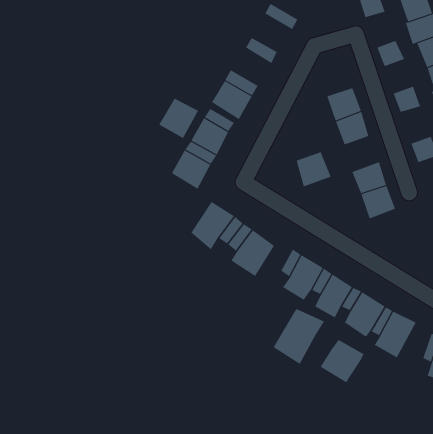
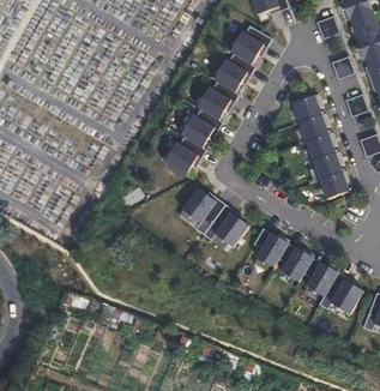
building: none -> [230,34,264,65]
building: none -> [213,61,247,92]
building: [158,98,199,139] -> none
building: [296,152,331,187] -> [306,133,334,162]
building: [273,308,325,365] -> none
building: [320,339,364,383] -> none

